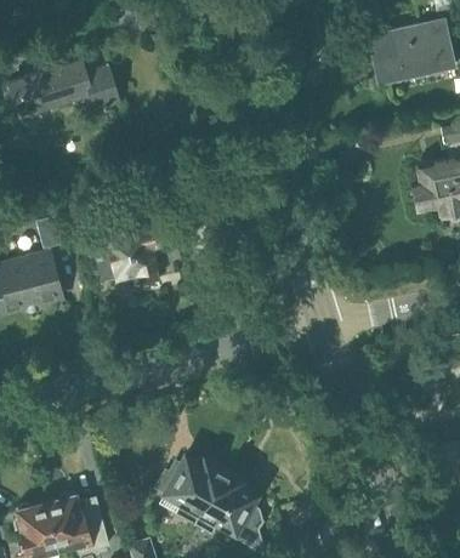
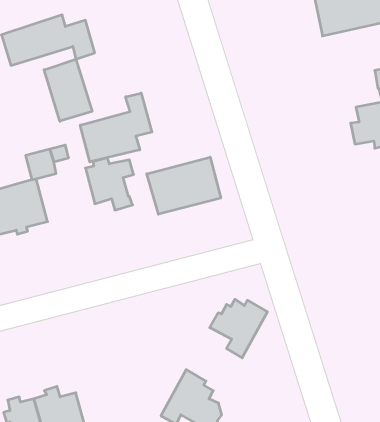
building: none -> [44,59,92,121]
building: none -> [80,93,152,162]
building: none -> [147,157,221,214]
building: [155,455,222,523] -> [210,299,267,358]

